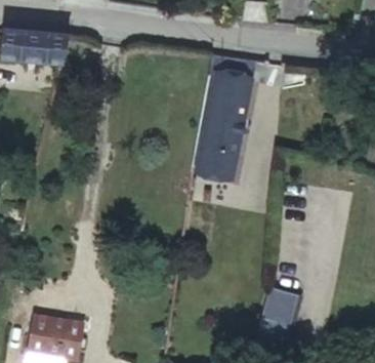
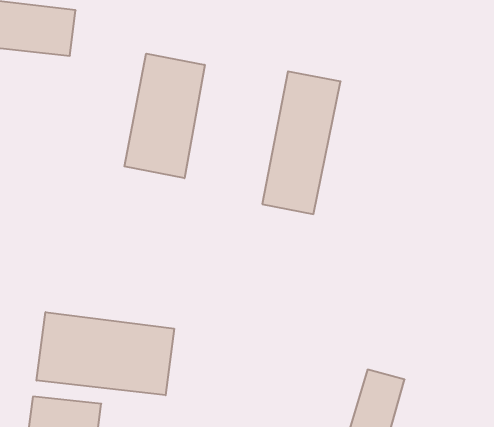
building: none -> [124,54,205,178]
building: none -> [37,312,174,395]

